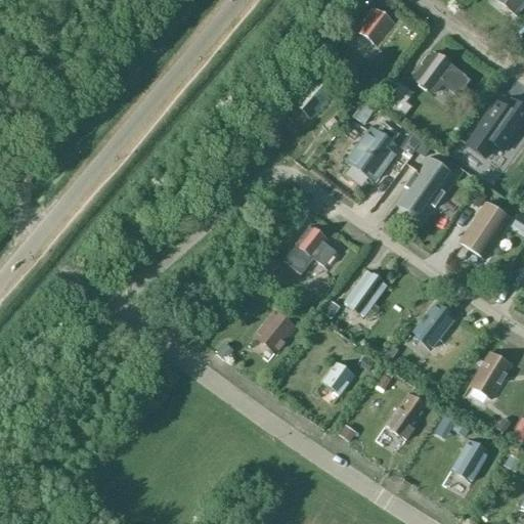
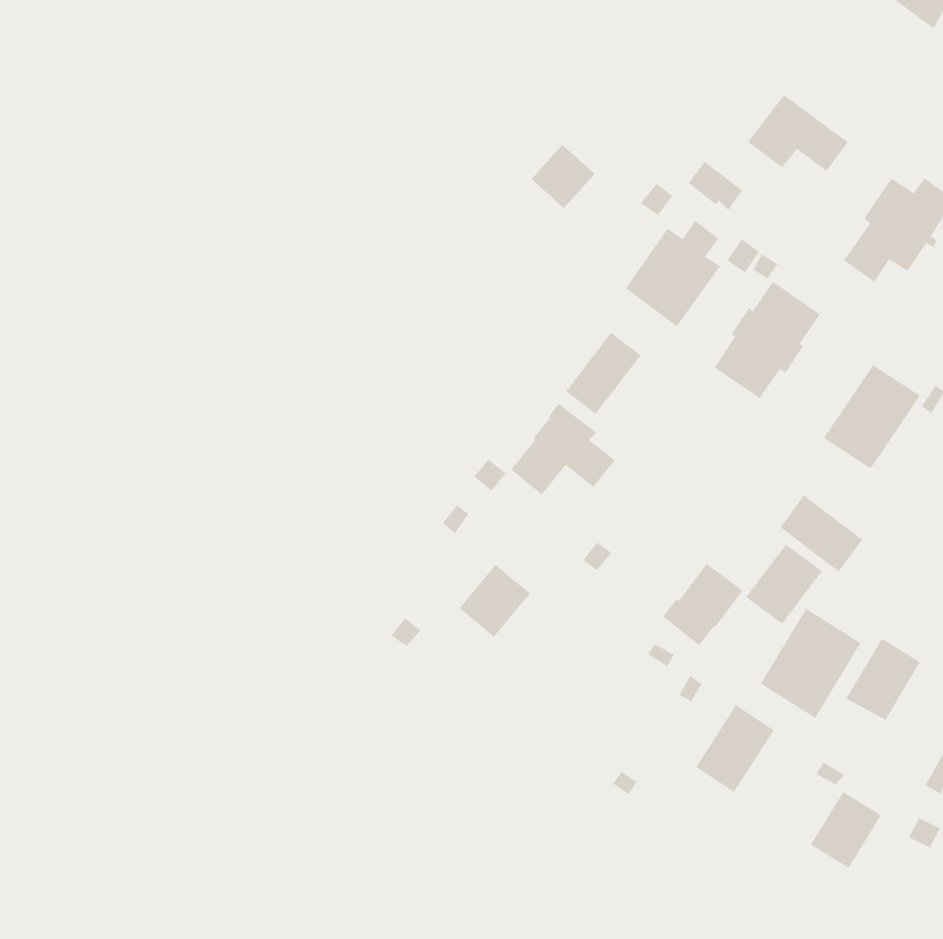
building: [358,7,395,44] -> none
building: none -> [565,332,641,415]
building: [344,269,389,315] -> [662,563,744,646]
building: none -> [779,494,863,572]
building: none -> [760,608,862,719]
building: [320,360,356,395] -> none

